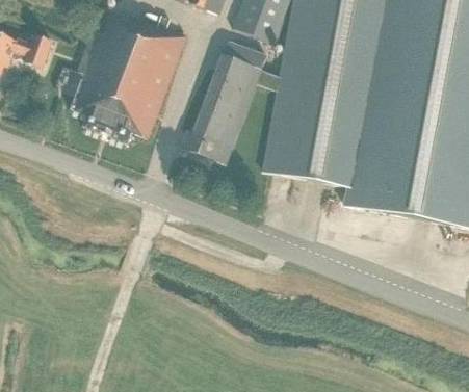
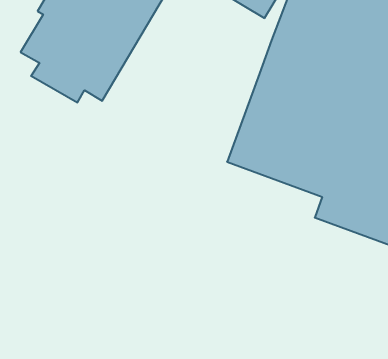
building: [182,40,283,163] -> none

